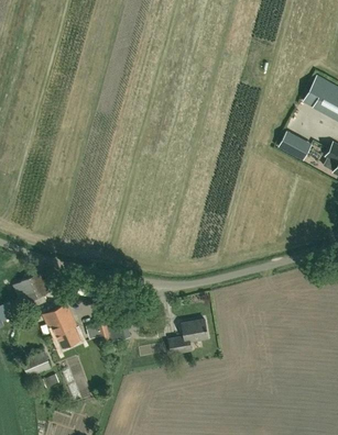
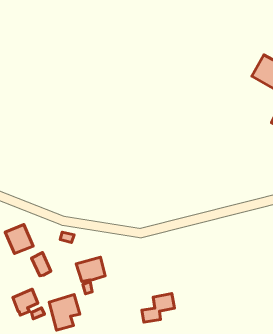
building: [279,131,310,158] -> none
building: [56,303,79,347] -> none
building: [168,319,207,353] -> [142,293,175,322]

